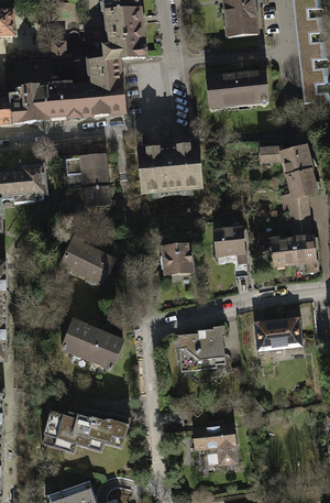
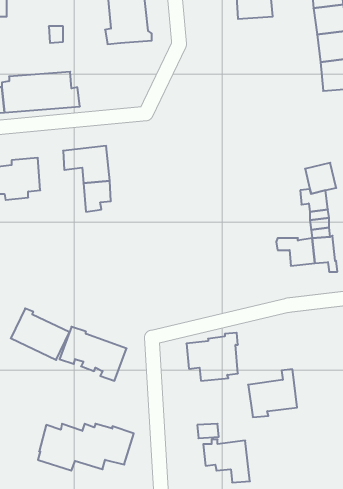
building: [72,58,123,117] -> none
building: [206,70,268,108] -> none
building: [139,145,200,195] -> none
building: [261,146,311,174] -> none
building: [213,227,243,253] -> none
building: [60,237,114,284] -> [11,308,69,360]
building: [161,244,191,274] -> none
building: [255,308,300,352] -> [248,369,297,417]

